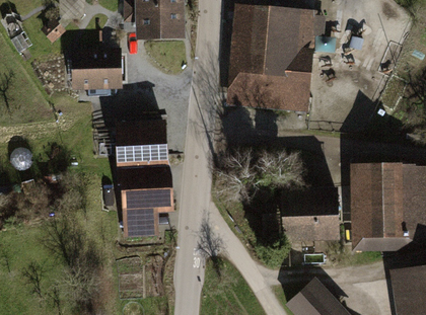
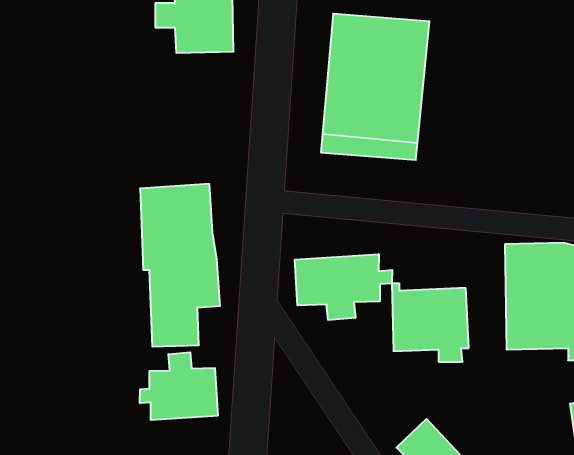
building: [77,54,117,85] -> none
building: none -> [295,254,392,320]
building: none -> [140,352,218,420]

